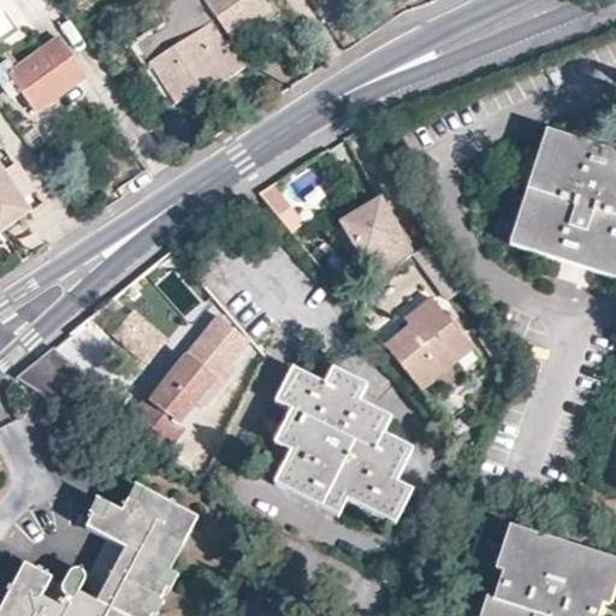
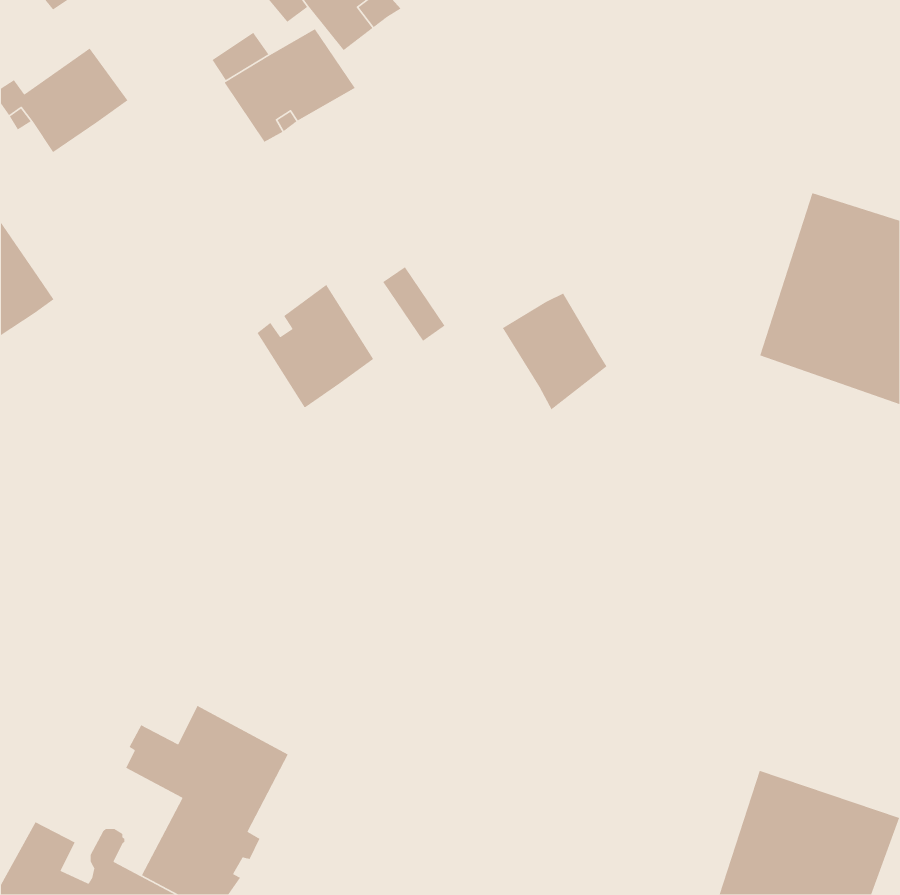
building: none -> [257,284,374,408]
building: [384,295,473,389] -> none
building: [128,314,245,445] -> none
building: [272,365,411,522] -> none

